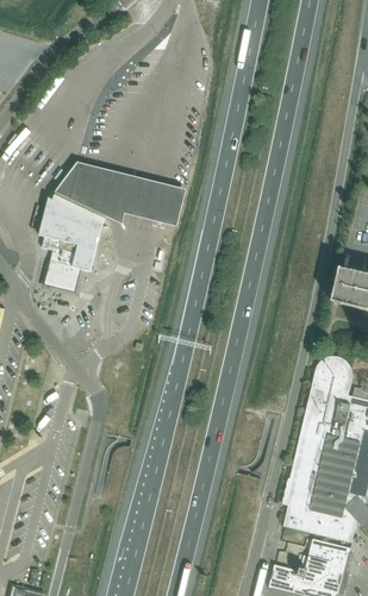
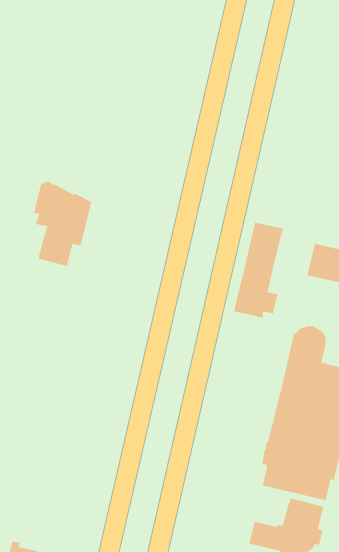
building: [55,163,183,226] -> none
building: none -> [233,222,283,319]

